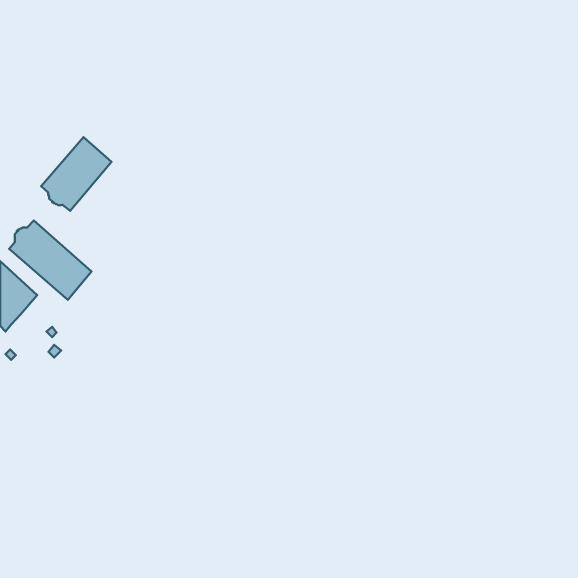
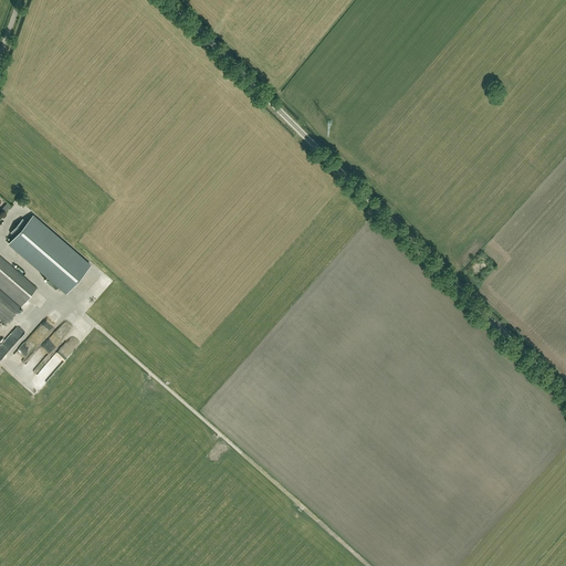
building: [41,137,111,211] -> none

